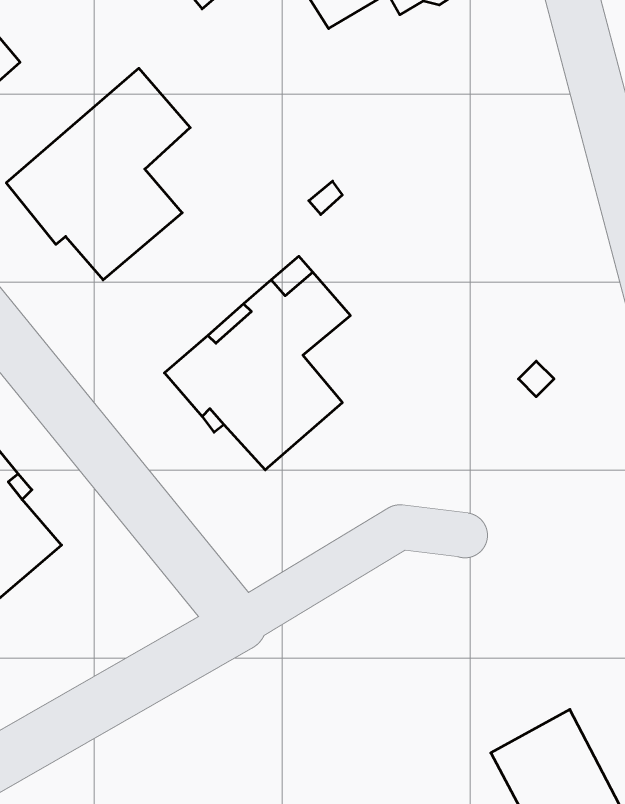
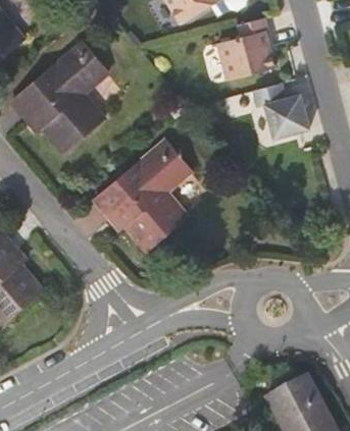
building: none -> [217,16,276,79]
building: none -> [253,82,309,138]

